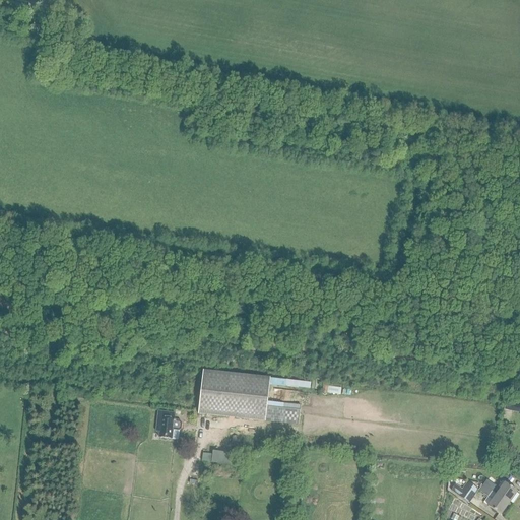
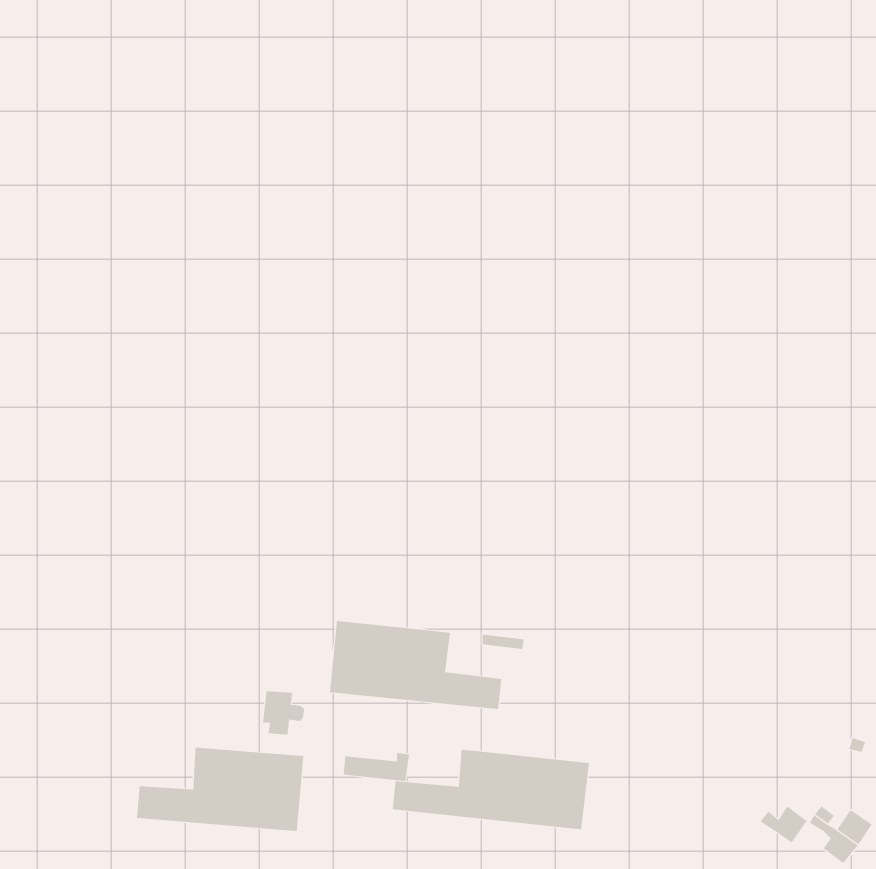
building: none -> [137,747,304,832]
building: none -> [392,749,589,830]

